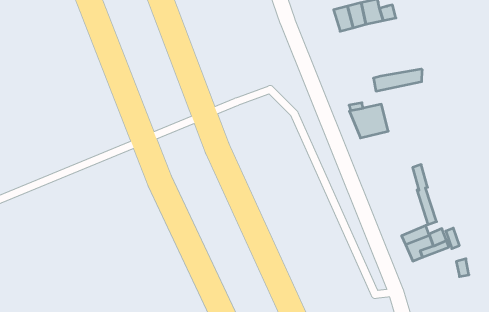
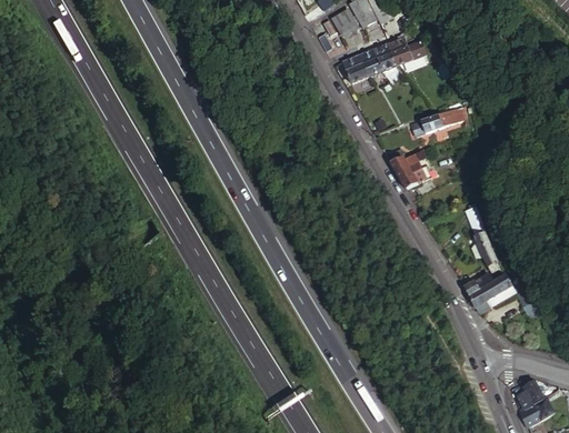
building: none -> [342,54,369,83]

